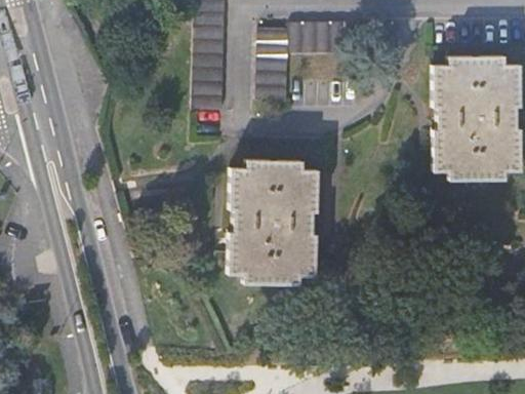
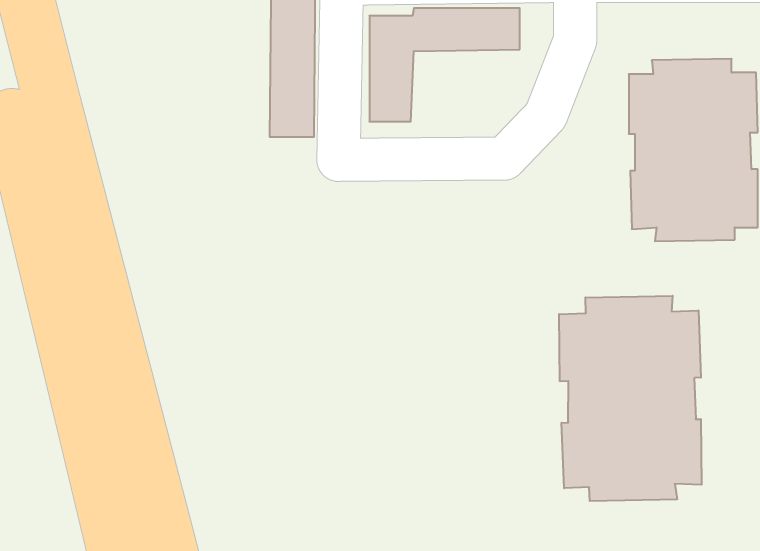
building: [229,160,316,282] -> none
building: none -> [559,296,702,501]

